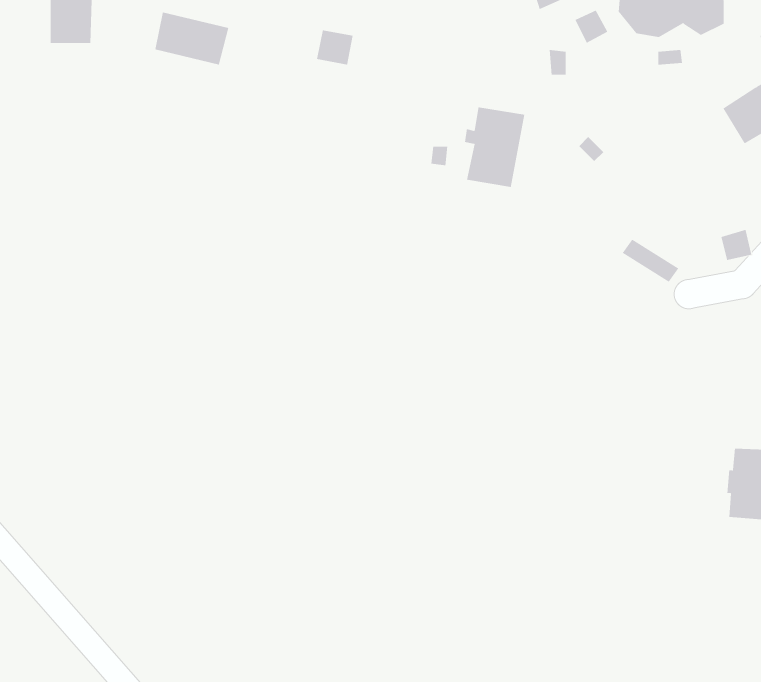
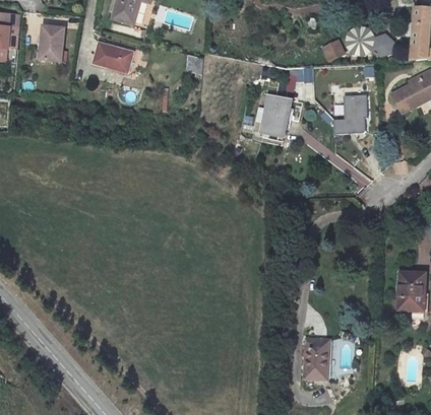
building: none -> [332,93,366,133]
building: none -> [303,338,328,378]

